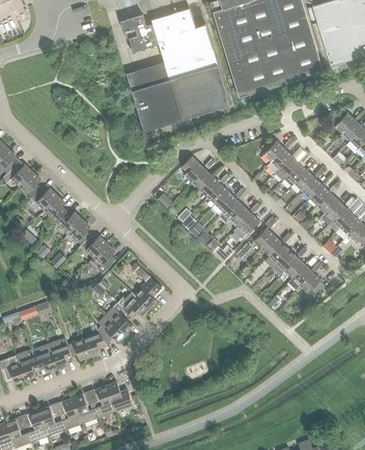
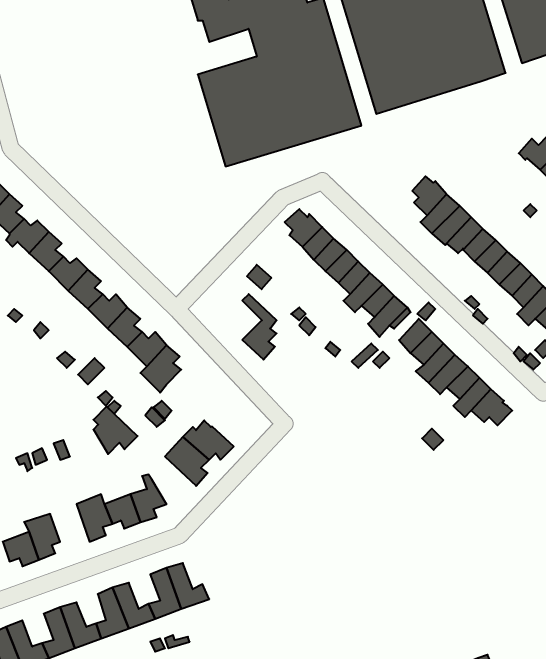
building: [135,265,157,307] -> [242,294,277,360]
building: [96,313,124,343] -> [93,407,138,454]
building: [32,343,57,370] -> none

